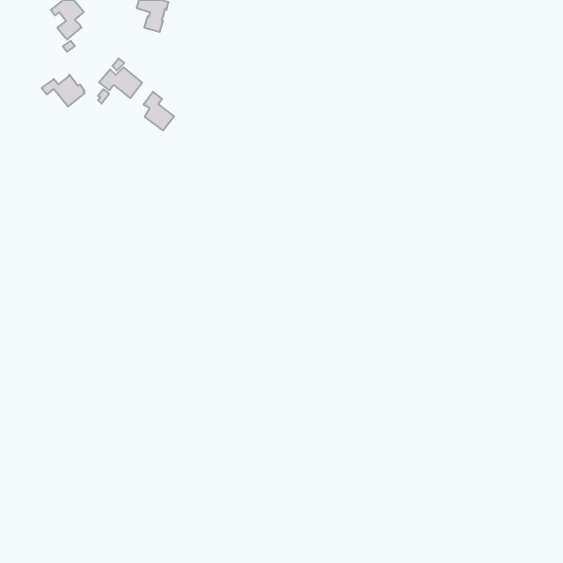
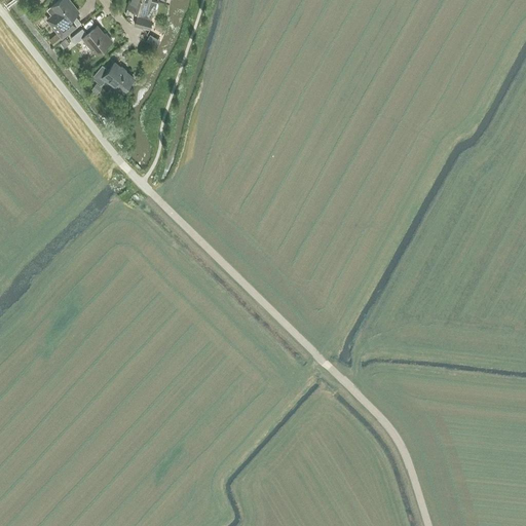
building: [42,75,85,107] -> [71,25,111,54]
building: [144,92,174,131] -> none

